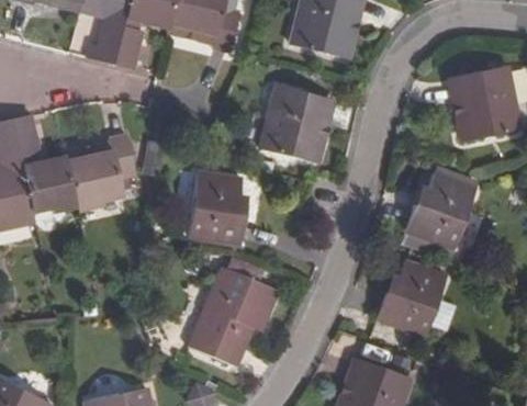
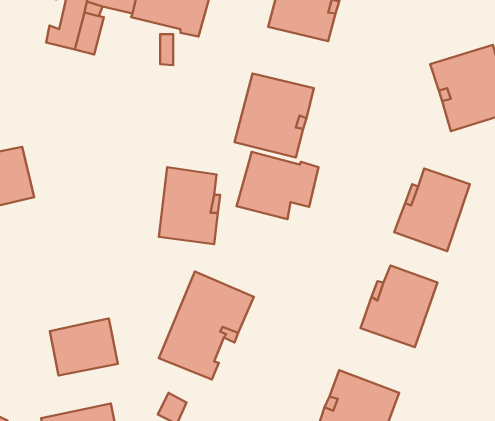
building: [66,132,137,204] -> none
building: none -> [237,152,318,219]
building: none -> [50,318,118,376]

